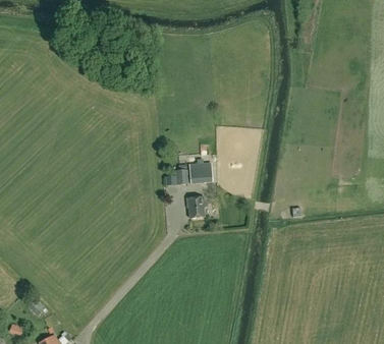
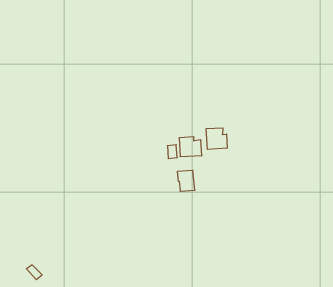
building: none -> [206,128,227,149]

